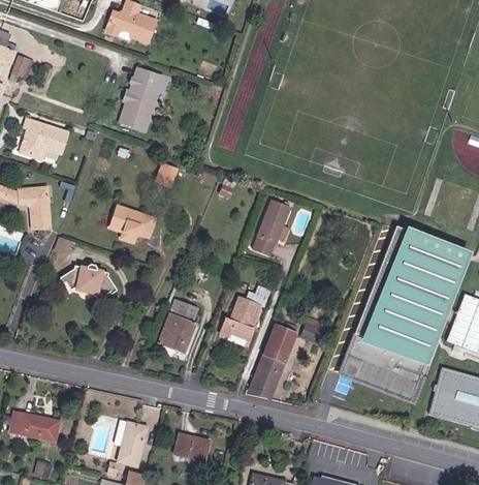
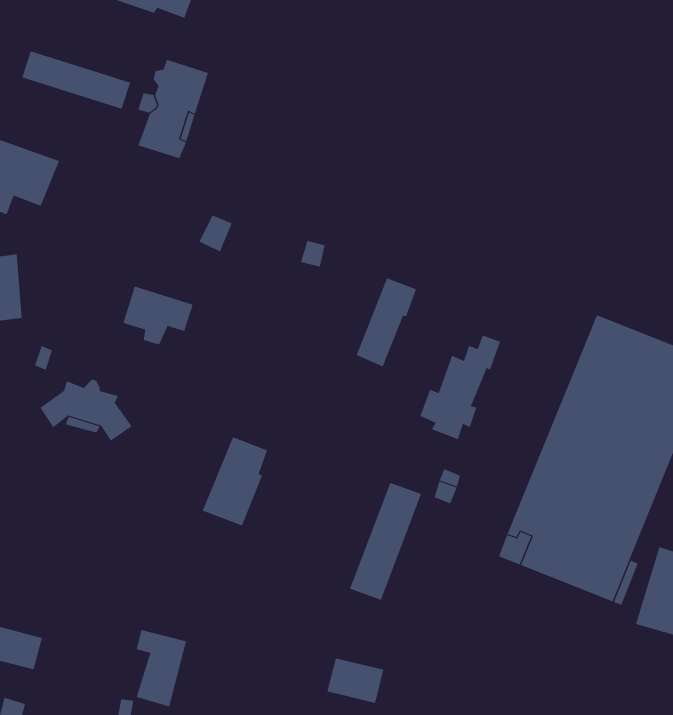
building: none -> [21,50,131,110]
building: [220,283,269,347] -> [419,335,501,440]
building: [174,432,210,460] -> [327,658,384,703]

